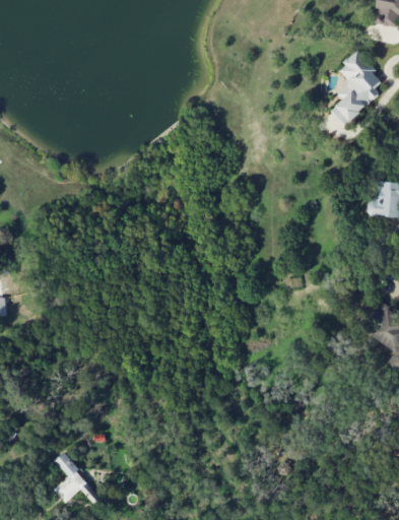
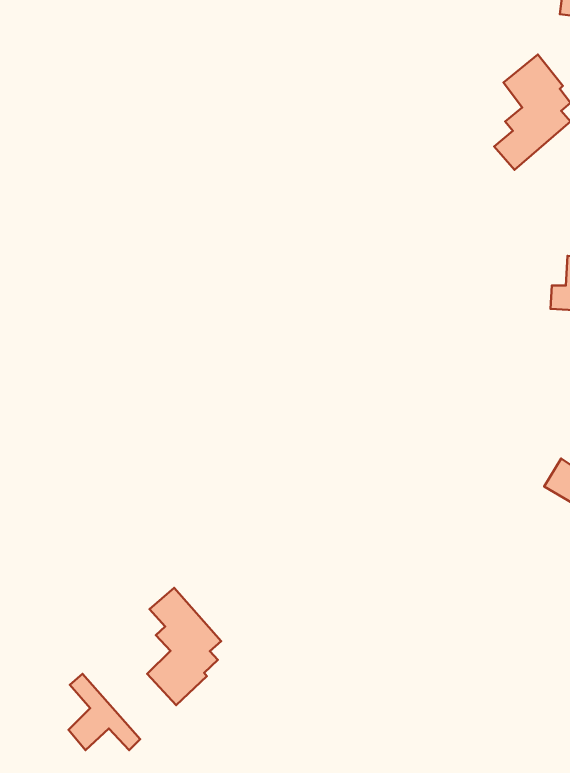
building: none -> [147,588,221,705]

